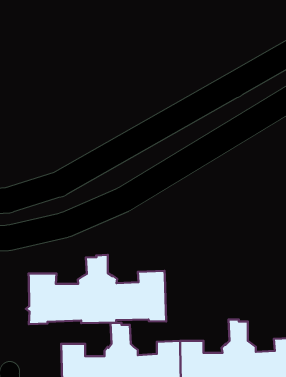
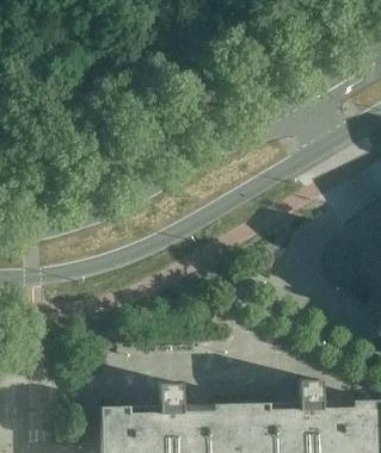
building: [26,255,166,324] -> none

